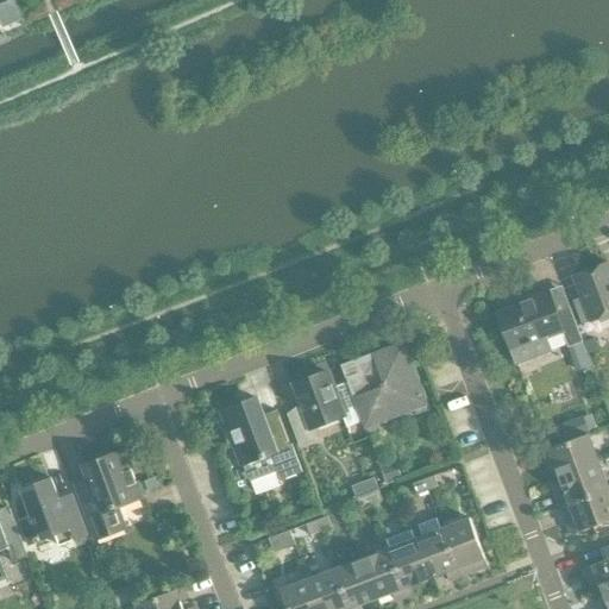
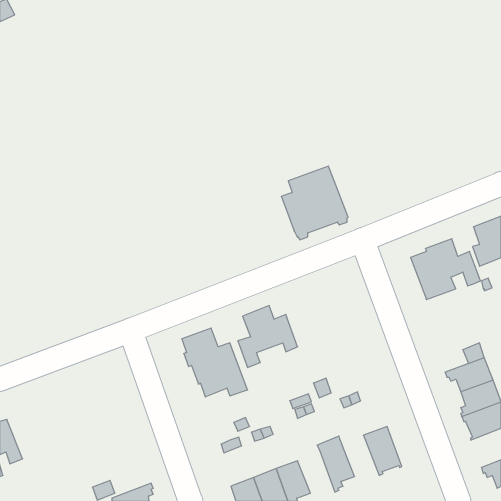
building: [345,341,426,431] -> [281,166,348,240]
building: [75,450,140,538] -> none
building: [18,477,87,545] -> none
building: [414,516,459,578] -> none
building: [360,547,406,598] -> none

